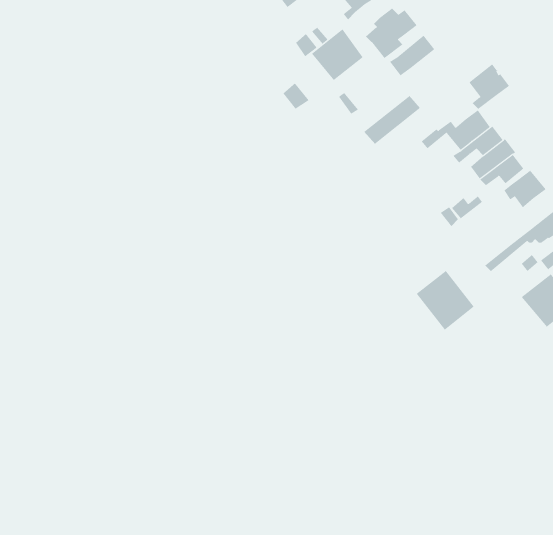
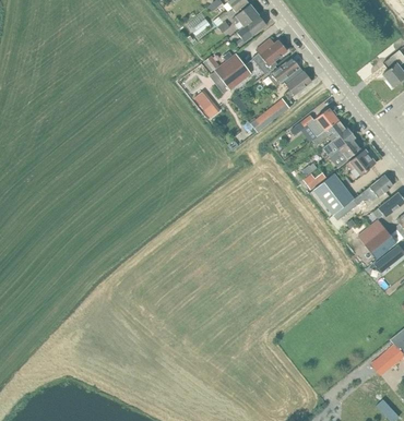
building: [468,63,510,110] -> [283,67,311,98]
building: [416,270,475,331] -> [313,173,354,215]

